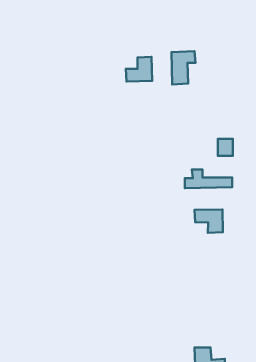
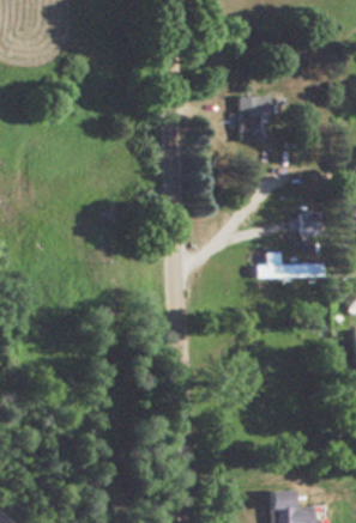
building: [126,57,152,82] -> none
building: [195,209,223,233] -> none

